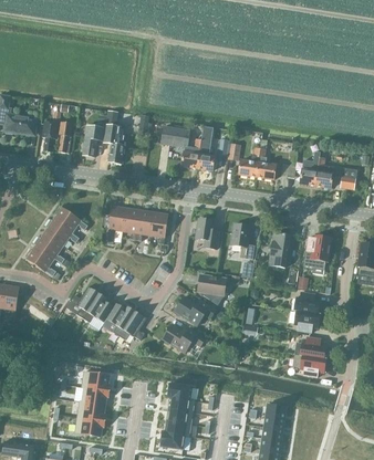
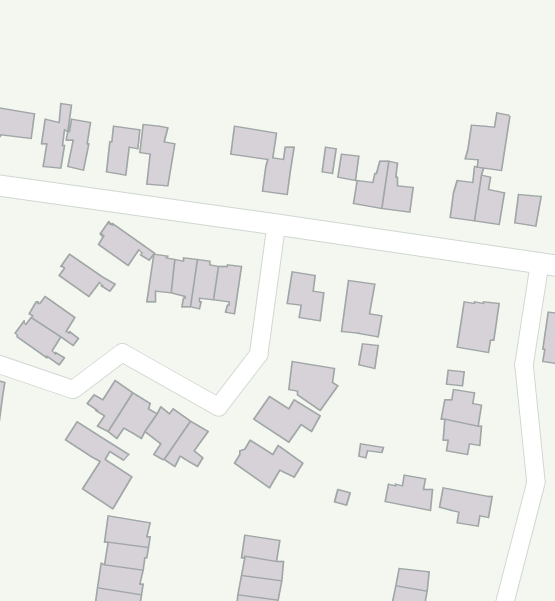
building: none -> [465,113,510,171]
building: [197,126,215,170] -> none
building: [44,218,80,245] -> [98,222,155,266]
building: [269,231,290,268] -> none
building: none -> [65,422,132,509]
building: [295,336,325,358] -> [385,475,432,510]

